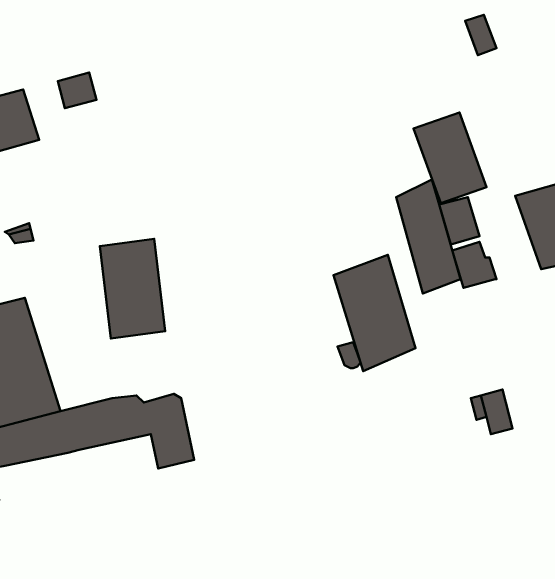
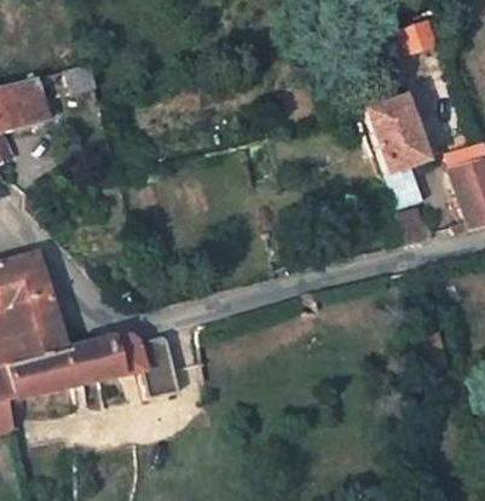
building: [396,180,460,294] -> none
building: [100,239,165,339] -> none
building: [333,255,415,371] -> none

